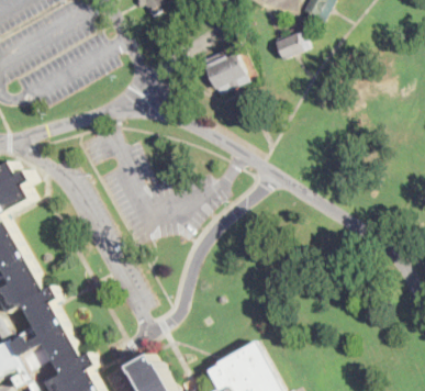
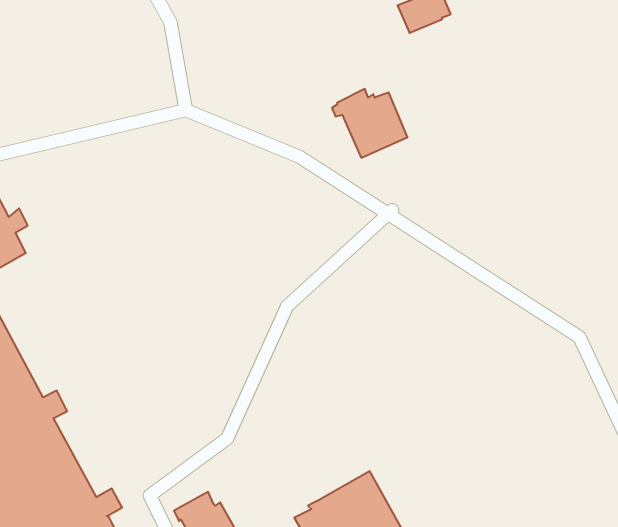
building: [194,53,243,97] -> [332,89,408,158]

